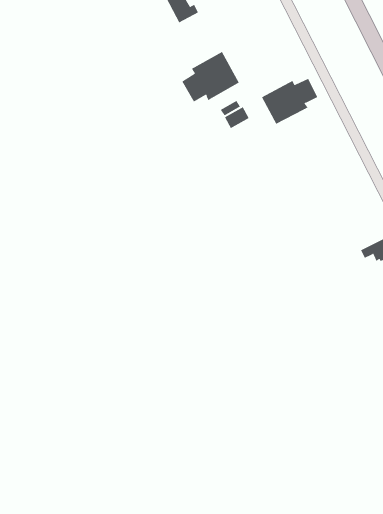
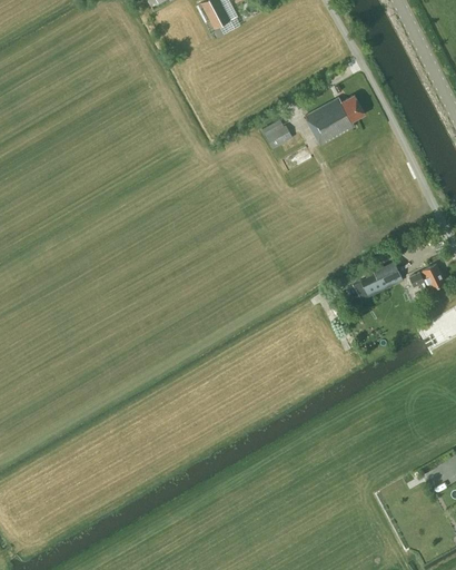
building: [182,51,240,103] -> none
building: none -> [353,261,403,299]

